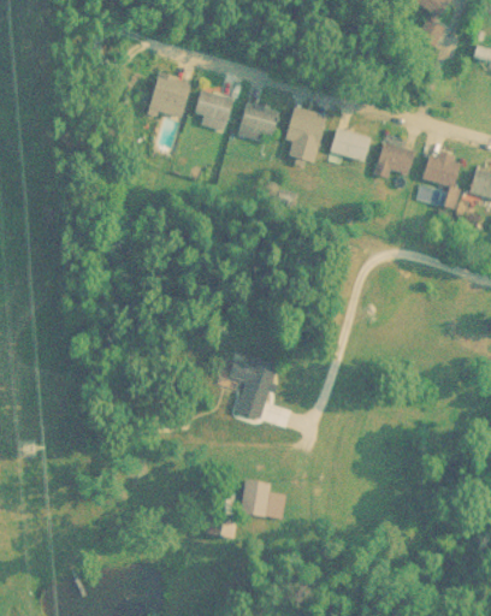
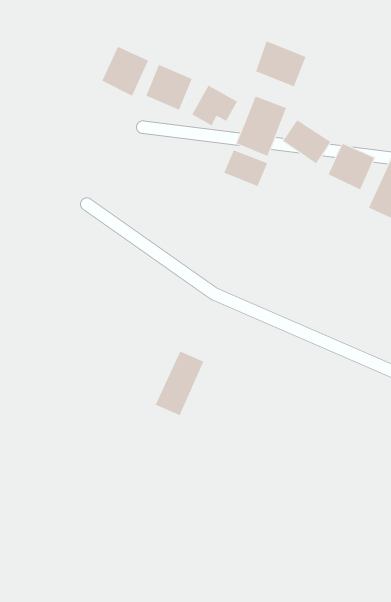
building: none -> [255,40,306,87]
building: none -> [223,149,268,187]
building: [239,479,284,521] -> none

